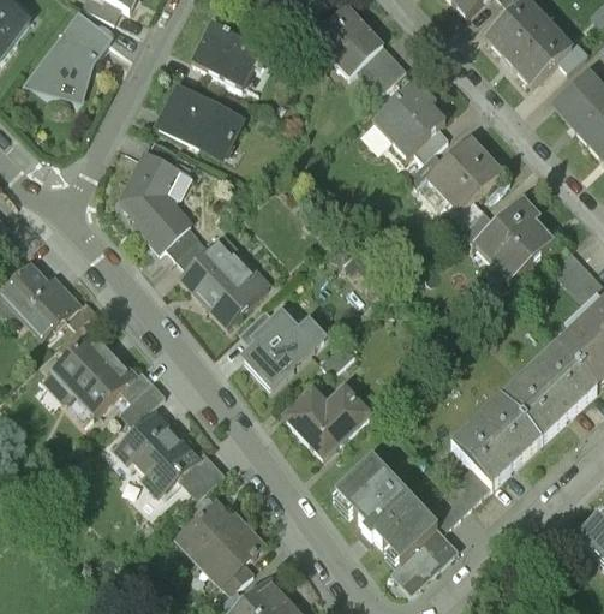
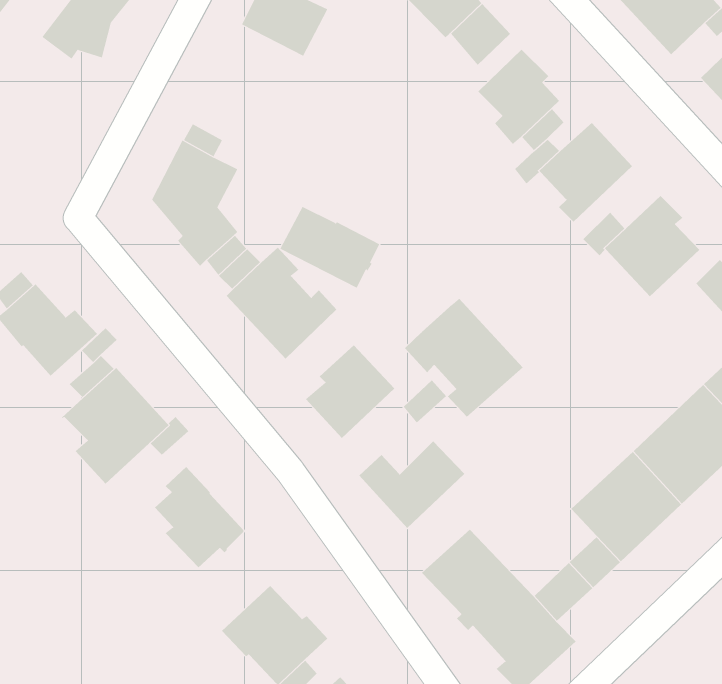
building: [160,89,239,154] -> [279,206,380,288]
building: none -> [404,298,524,418]
building: [119,381,165,424] -> none
building: [179,451,225,497] -> none

